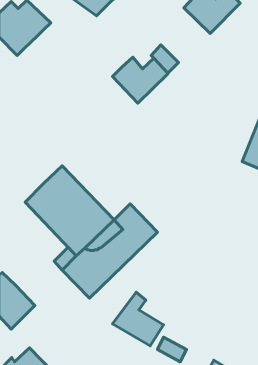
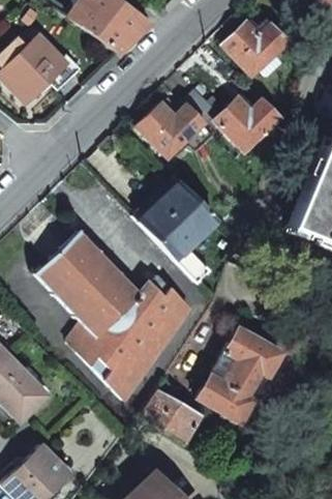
building: none -> [215,98,282,151]
building: none -> [140,180,217,259]
building: none -> [198,327,282,423]

